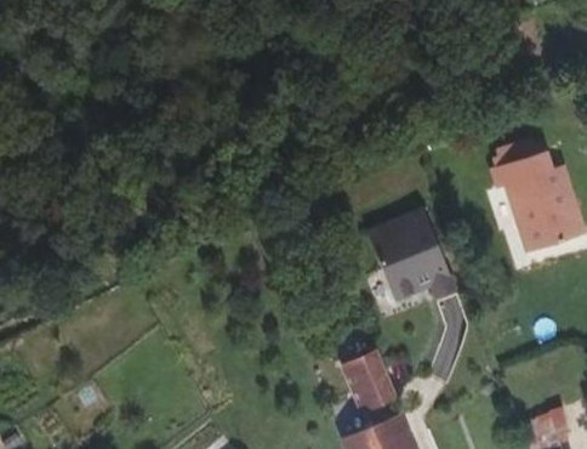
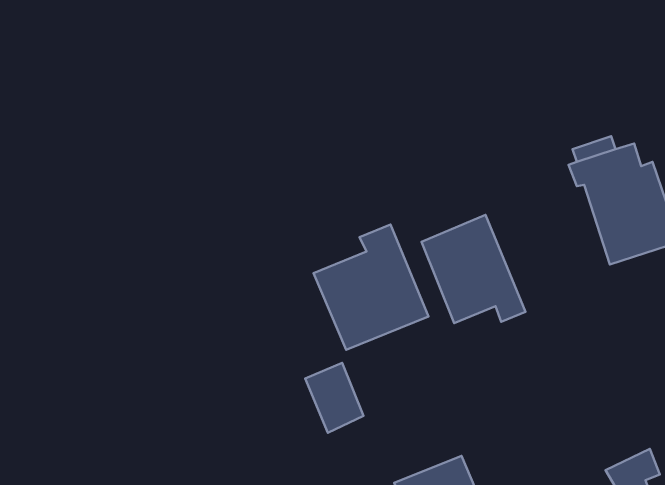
building: none -> [314,224,429,350]
building: [343,351,393,410] -> [305,363,364,433]

